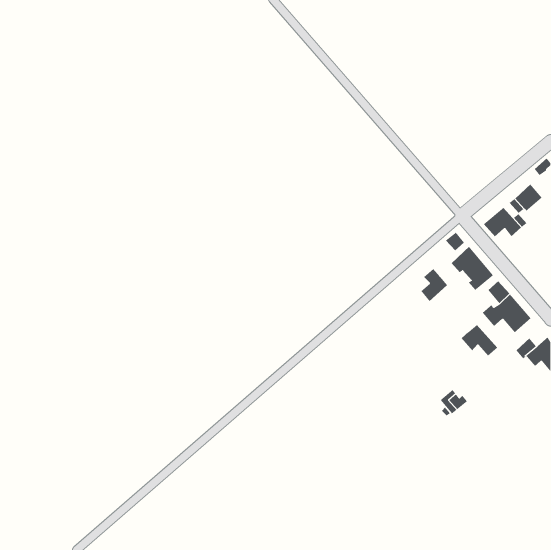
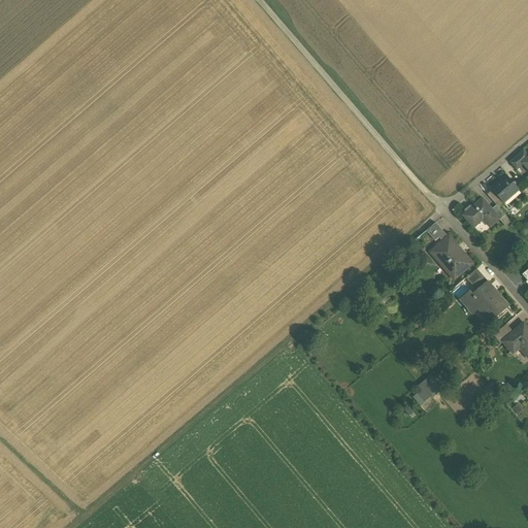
building: [420,268,448,302] -> none
building: [461,324,498,357] -> none

